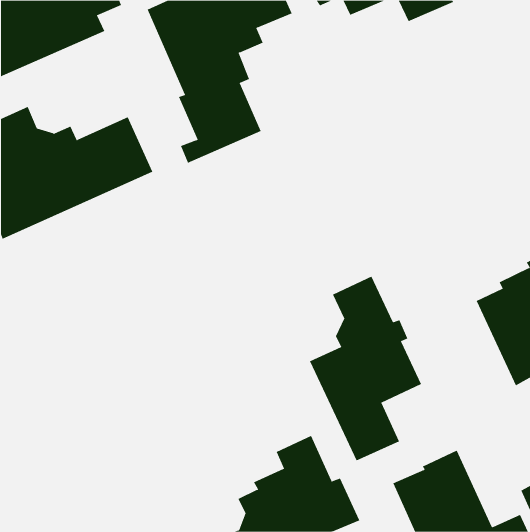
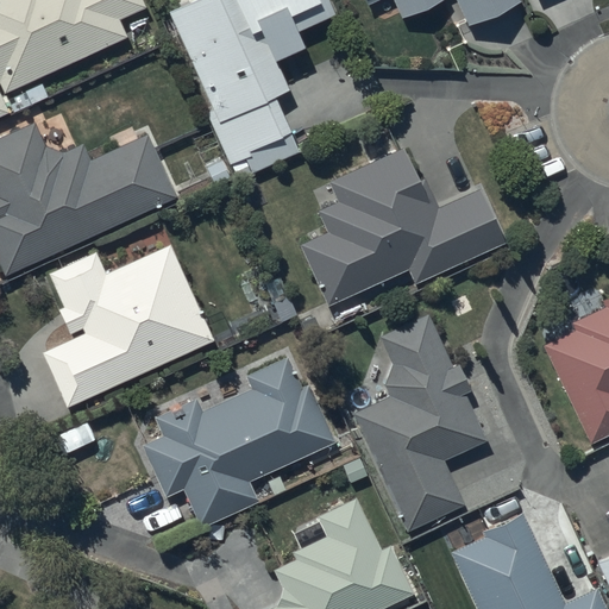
building: none -> [297,150,504,308]
building: none -> [40,245,213,408]
building: none -> [143,357,334,529]

